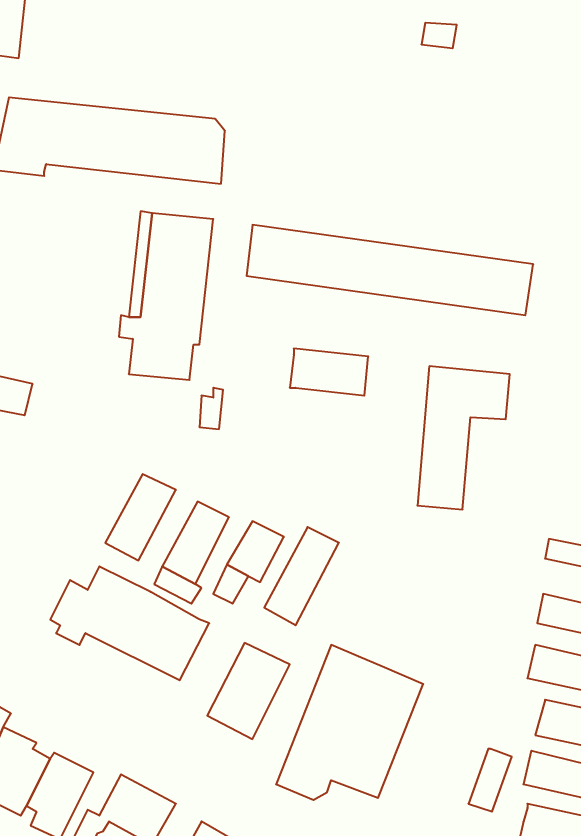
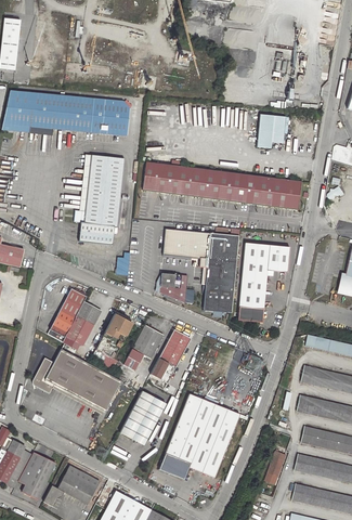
building: none -> [257,116,286,148]
building: none -> [203,234,237,309]
building: none -> [159,273,187,303]
building: none -> [49,290,84,338]

